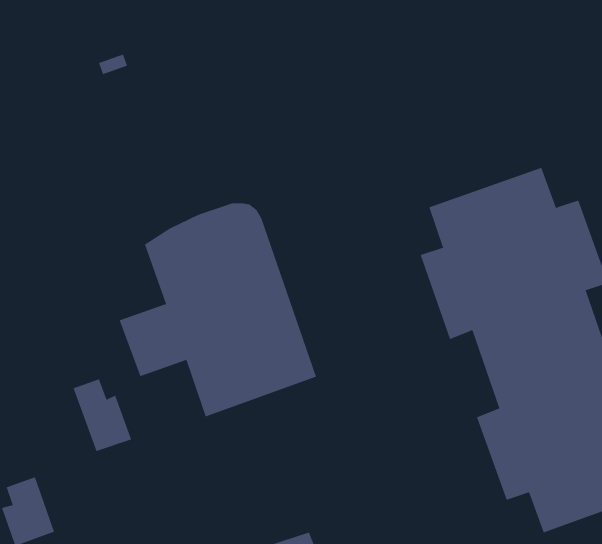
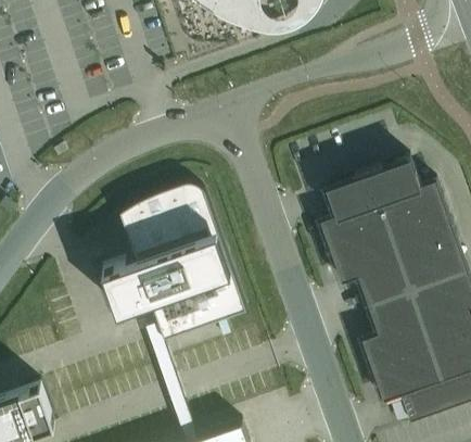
building: [73,378,132,452] -> none

